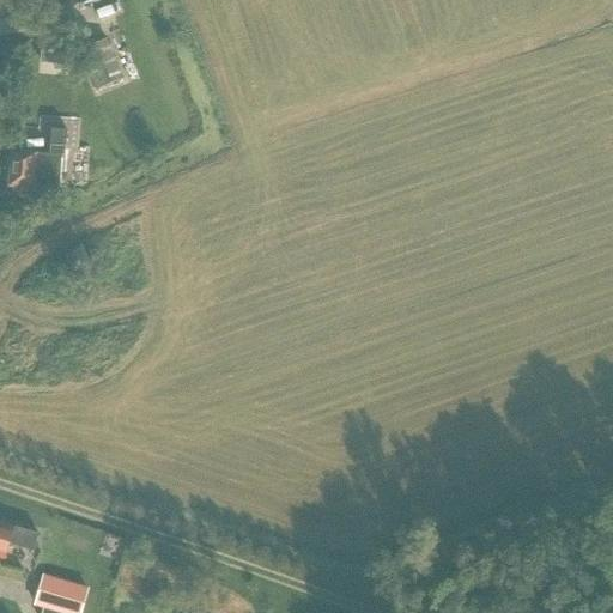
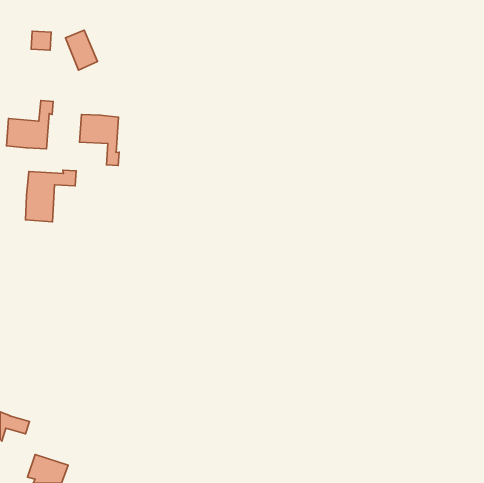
building: none -> [79,114,119,165]
building: none -> [25,170,76,222]

